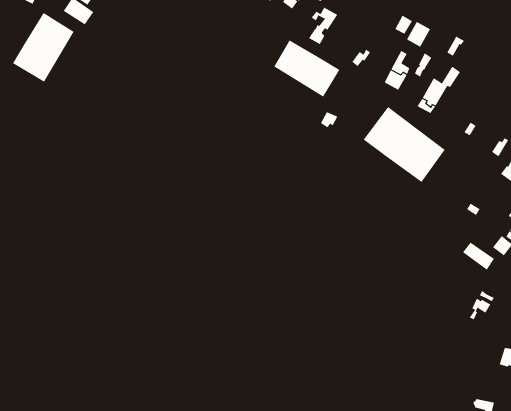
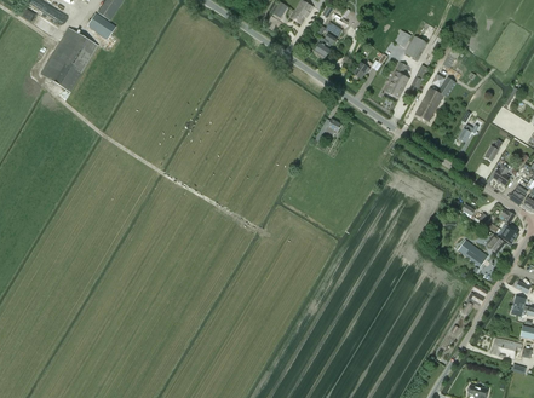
building: [274,39,340,98] -> none
building: [363,106,445,183] -> none

